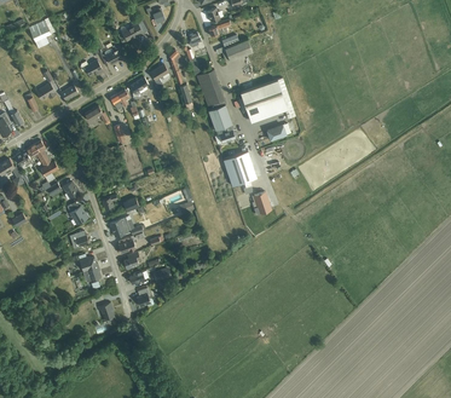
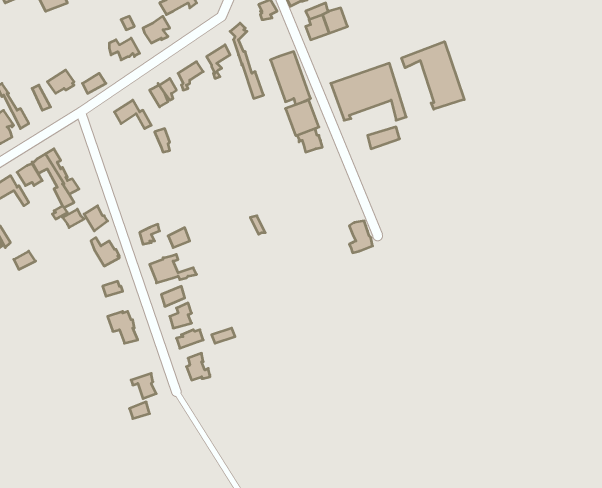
building: none -> [402,42,464,109]
building: [222,150,256,185] -> none

